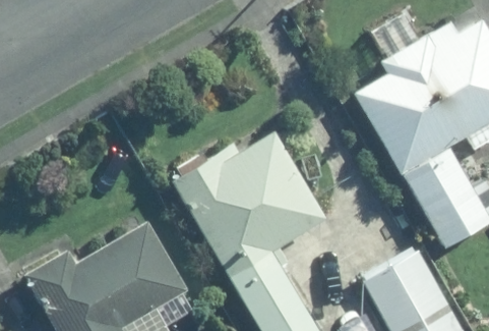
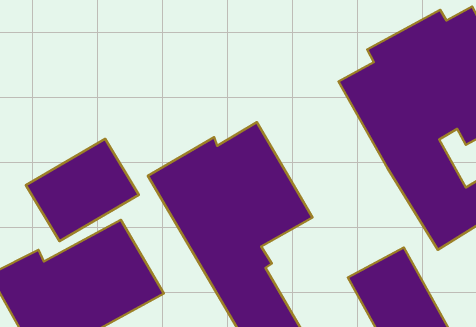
building: none -> [26,139,139,241]

